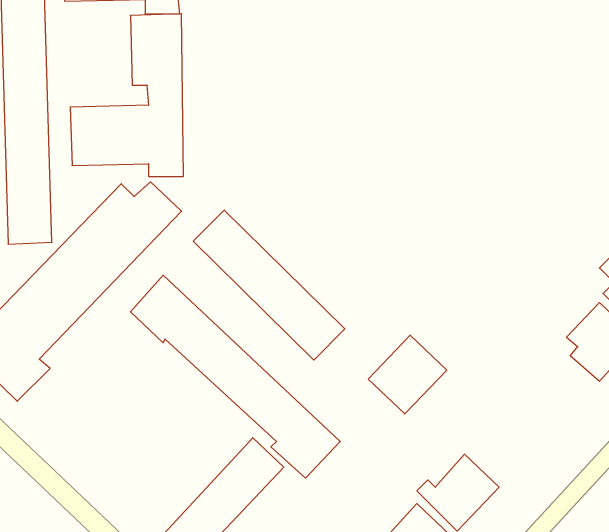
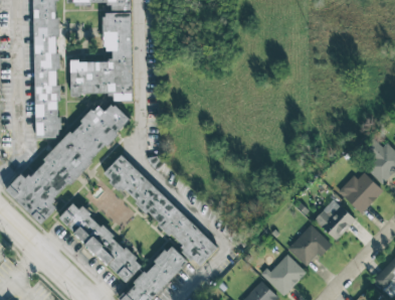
building: [193,210,345,360] -> [59,200,143,283]
building: [368,335,447,414] -> [287,224,331,268]
building: none -> [315,198,356,241]

